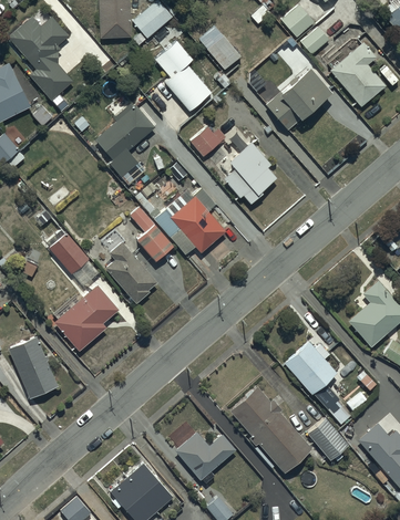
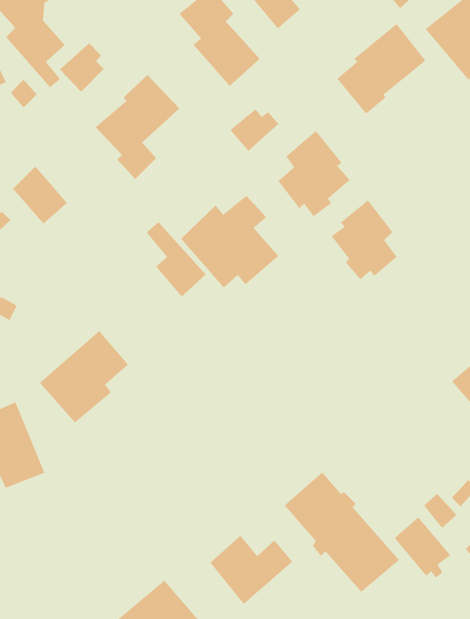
building: none -> [59,42,105,92]
building: none -> [331,200,397,280]
building: [49,232,89,274] -> [12,166,68,225]
building: [105,241,156,303] -> none
building: [284,340,336,394] -> none

